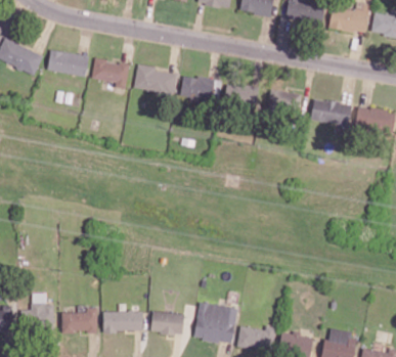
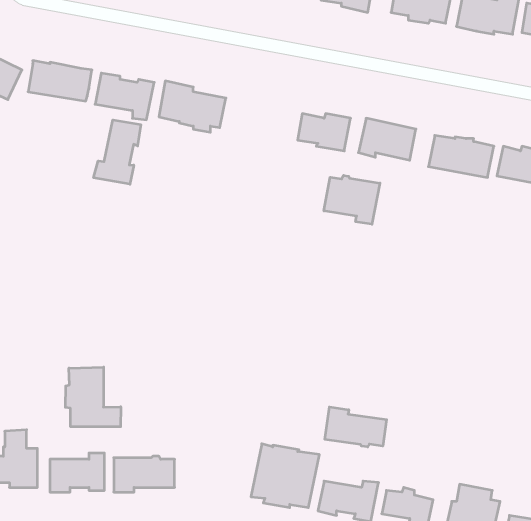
building: [180,76,215,101] -> none
building: none -> [94,120,141,184]
building: none -> [324,175,380,224]
building: none -> [65,367,121,427]
building: none -> [325,407,387,447]
building: [150,311,185,336] -> none

